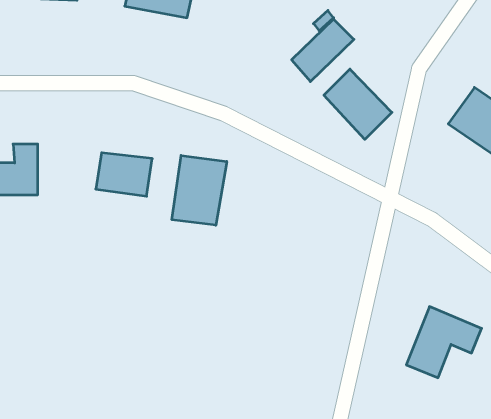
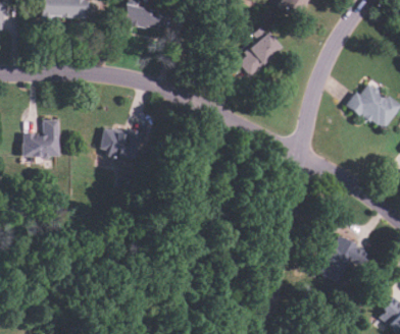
building: [324,69,392,139] -> none
building: [172,155,227,225] -> none

